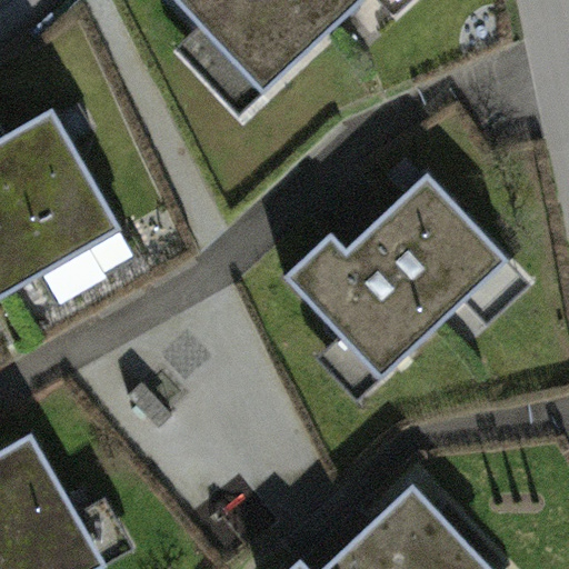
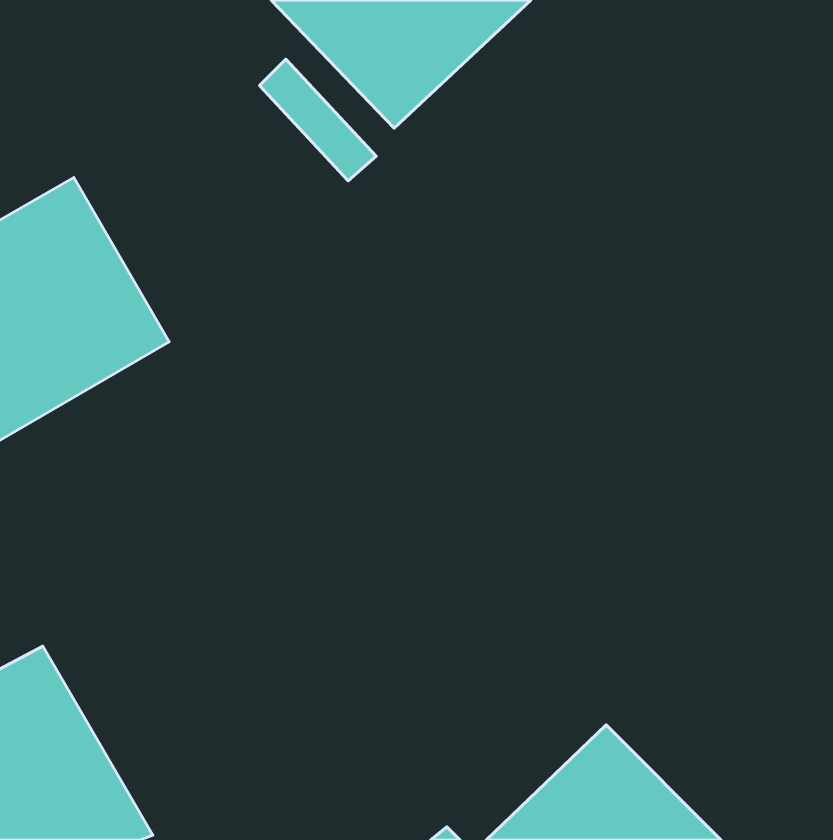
building: [289,182,499,370] -> none

